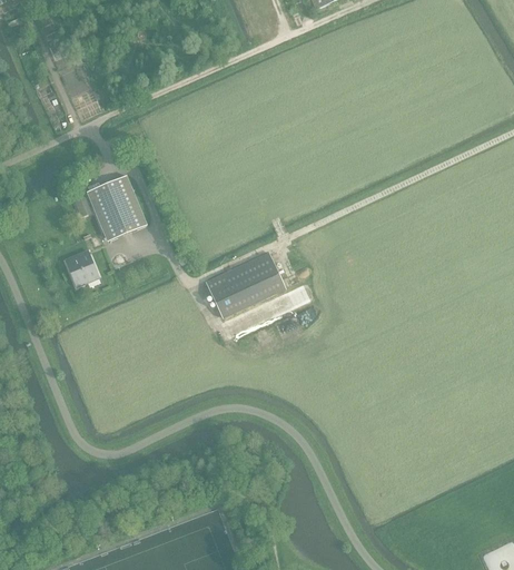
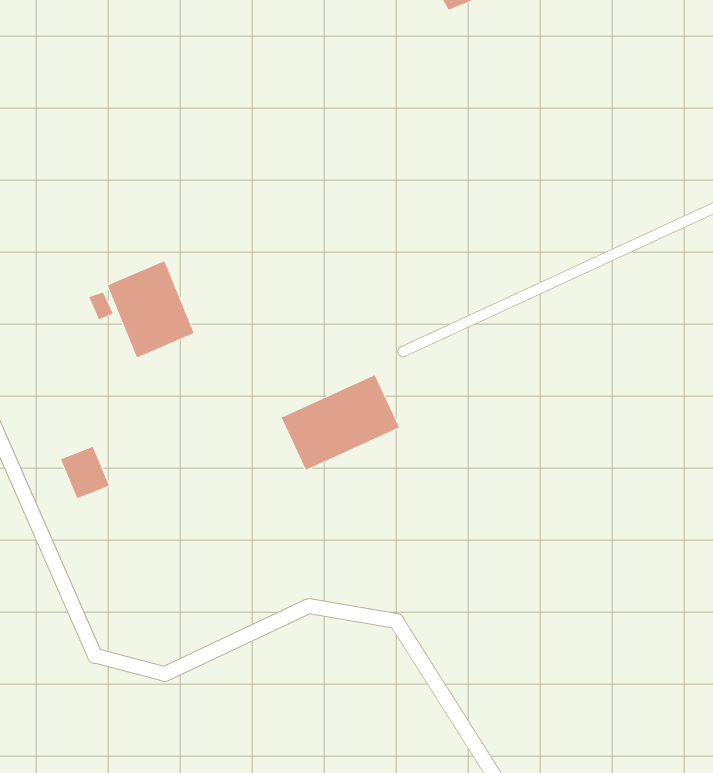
building: [65,250,98,286] -> [60,446,110,499]

